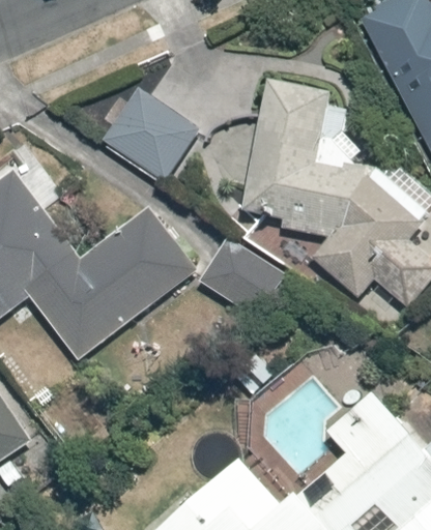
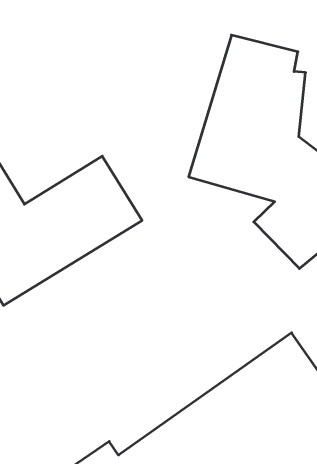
building: [100,83,201,183] -> none
building: [197,236,296,325] -> none

